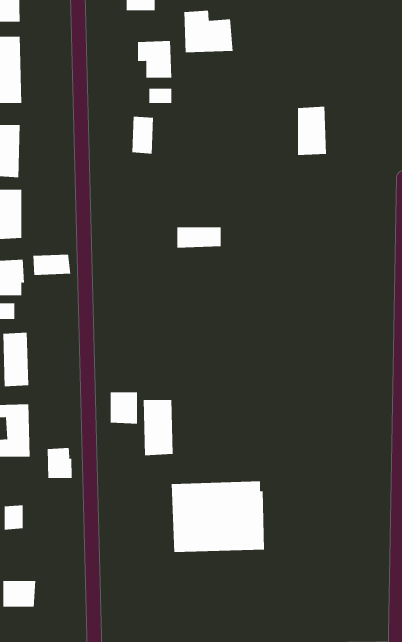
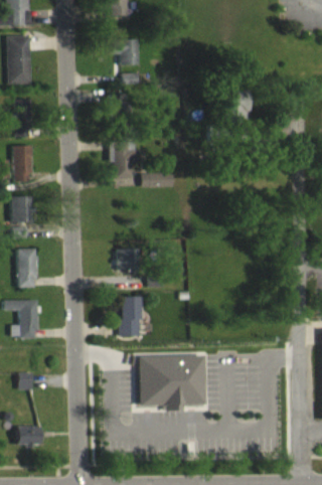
building: [184,10,233,53] -> none
building: none -> [115,148,142,179]
building: [33,254,71,276] -> none
building: [110,392,138,424] -> [119,248,139,271]
building: [47,447,72,479] -> none

